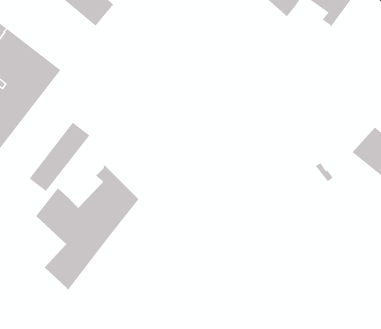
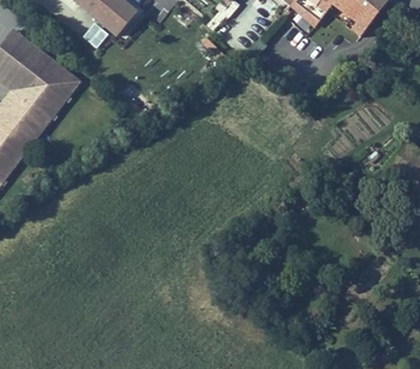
building: [29,122,90,192] -> none
building: [35,165,139,290] -> none

